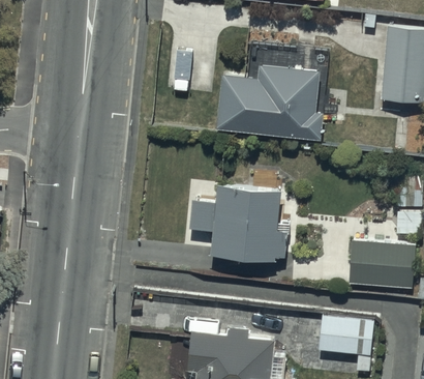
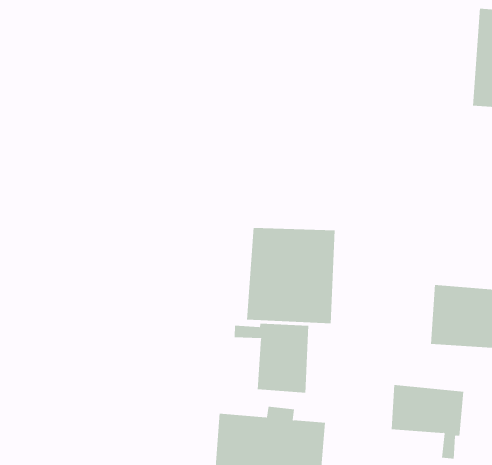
building: [217,69,321,143] -> none
building: none -> [234,323,309,394]

